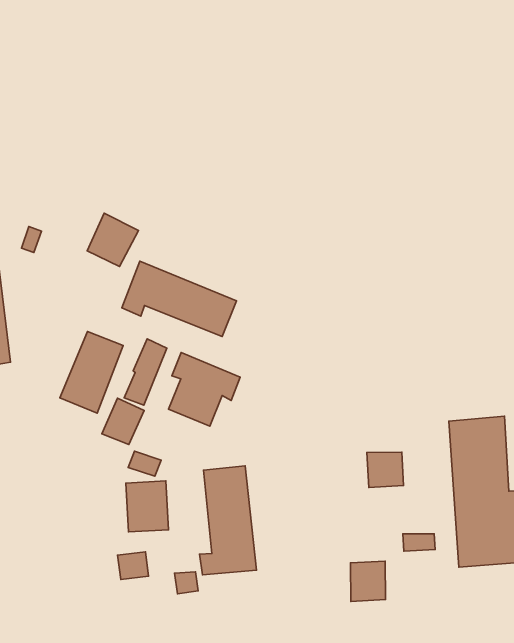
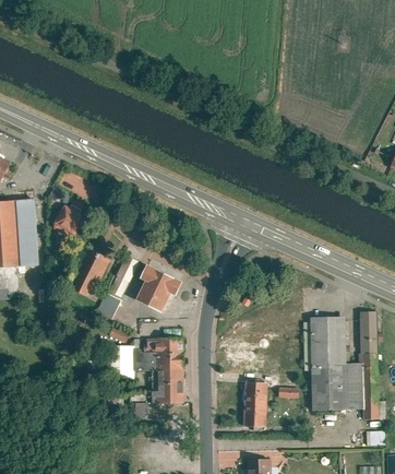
building: [87,213,138,267] -> [52,205,85,239]
building: [122,261,236,337] -> none
building: [367,452,404,487] -> [244,381,266,403]

